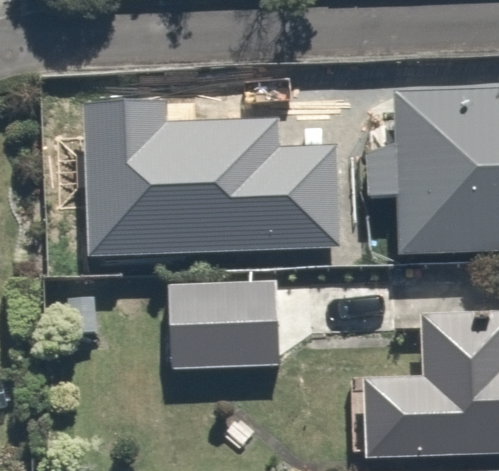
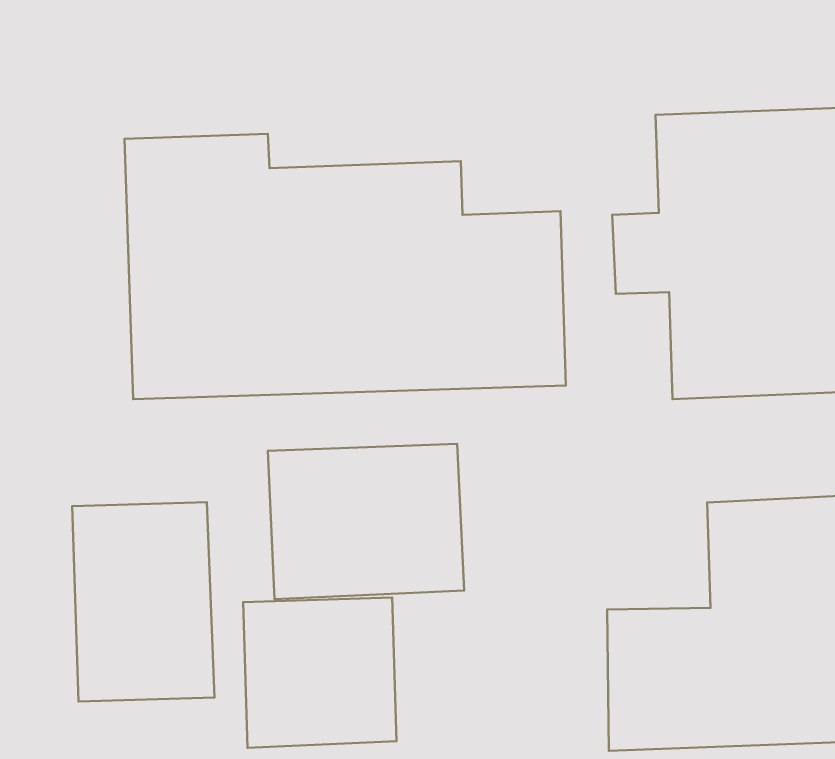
building: none -> [72,502,215,702]
building: none -> [243,598,396,748]

